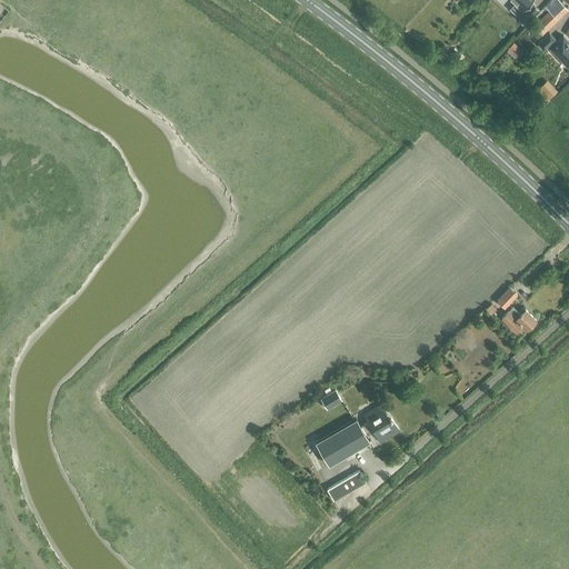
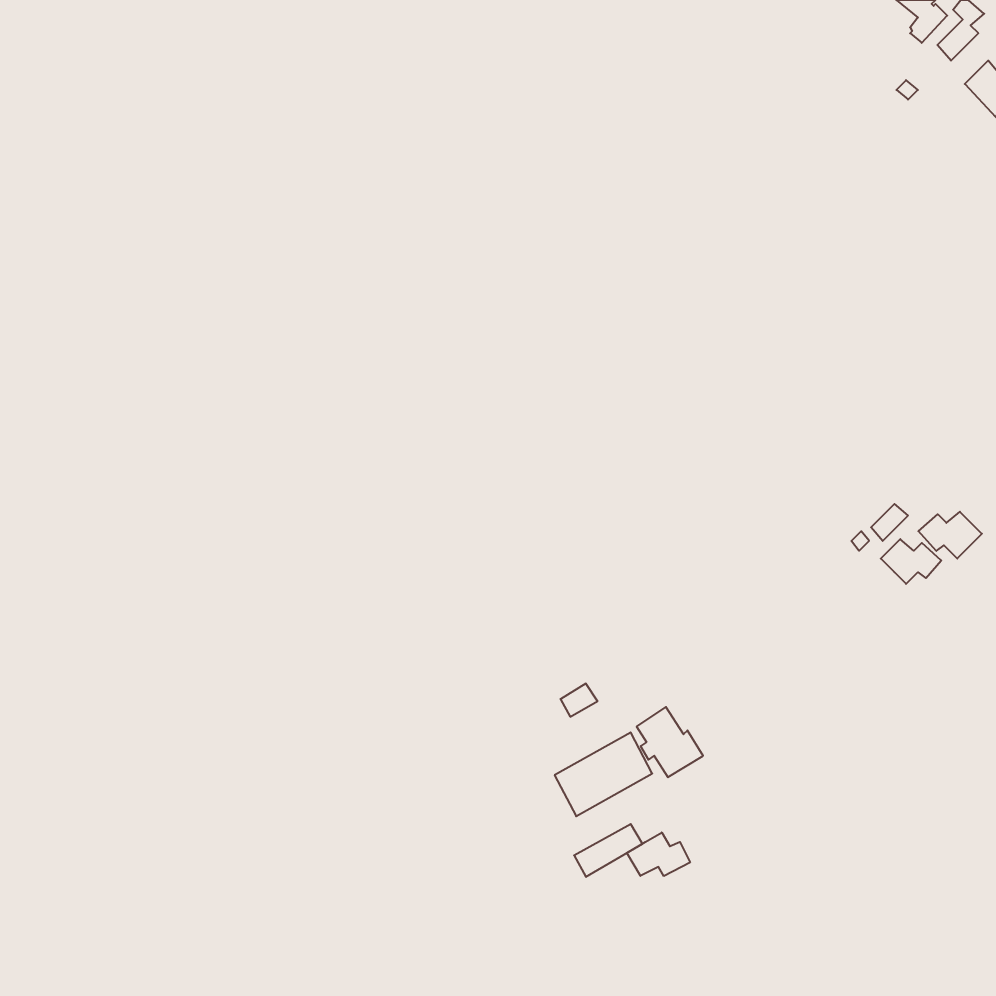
building: none -> [918,512,982,559]
building: none -> [627,832,690,876]

